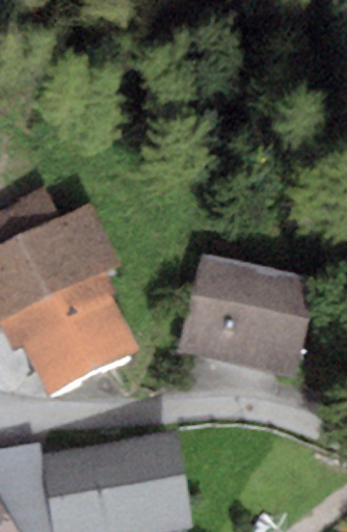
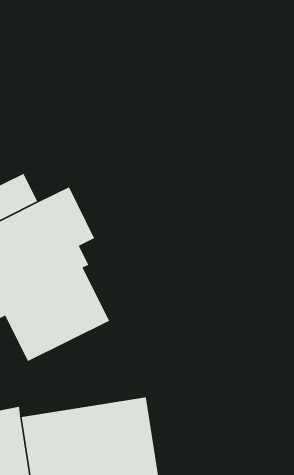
building: [180,255,305,375] -> none

